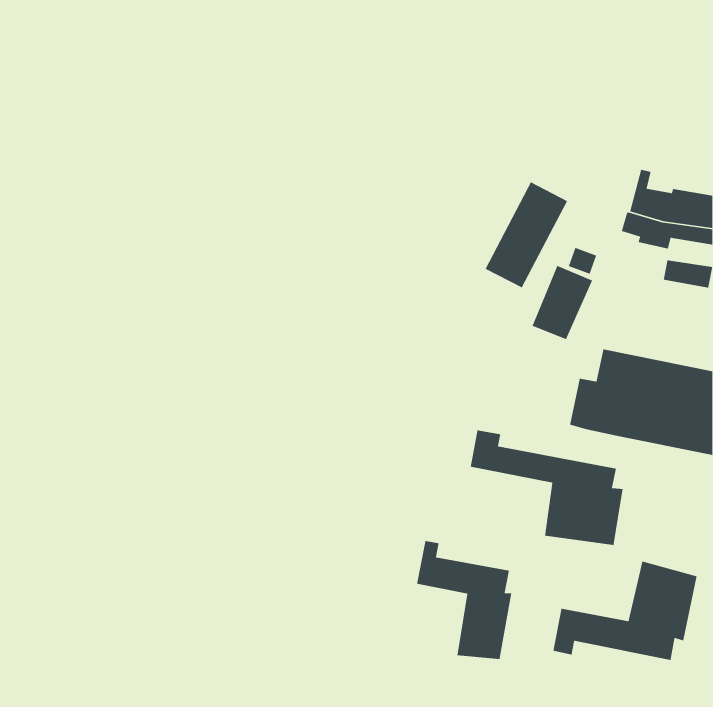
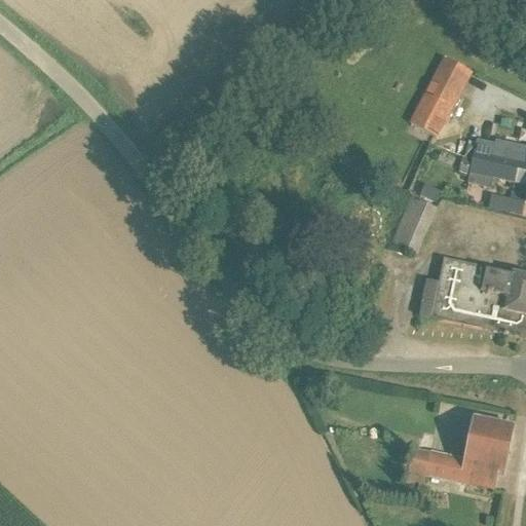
building: [485,181,568,289] -> [410,55,472,135]
building: [470,430,624,546] -> none
building: [416,540,512,660] -> none

